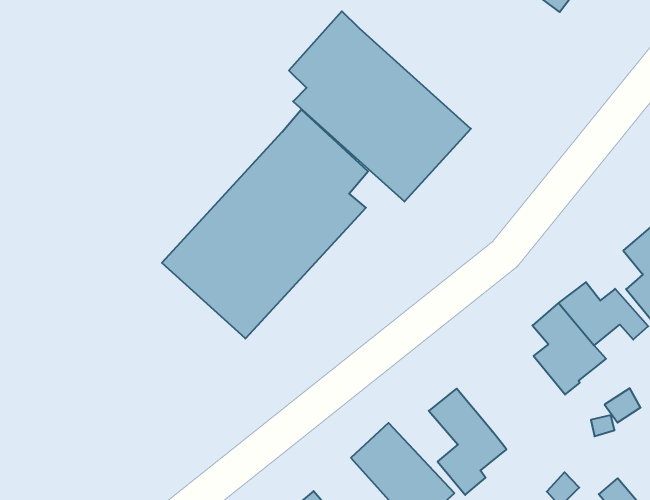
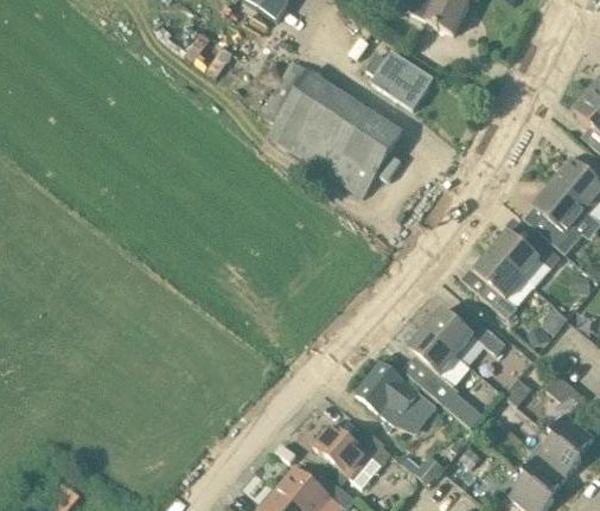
building: none -> [366,51,433,108]
building: [162,110,368,339] -> none
building: none -> [426,308,506,364]

